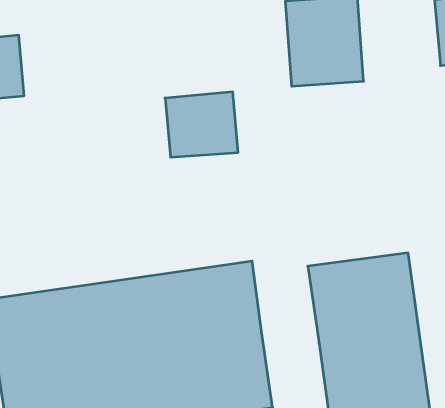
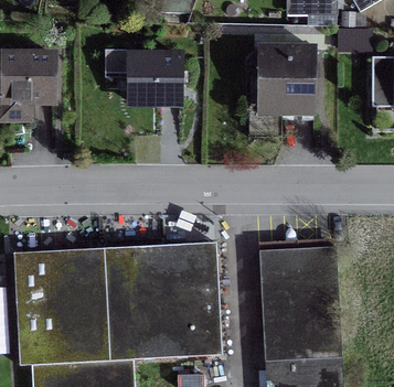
building: [165,92,238,157] -> [129,56,181,103]

